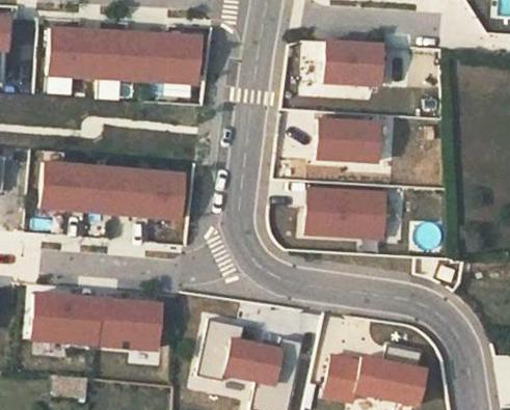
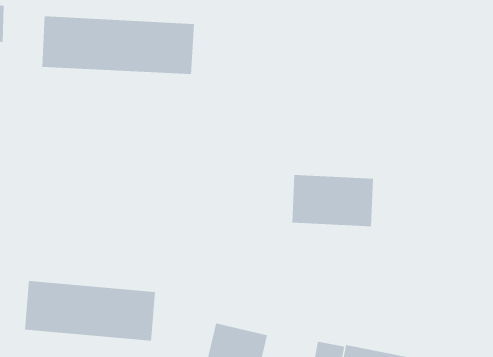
building: [316,36,378,84] -> none
building: [308,114,376,161] -> none
building: [42,161,188,221] -> none

